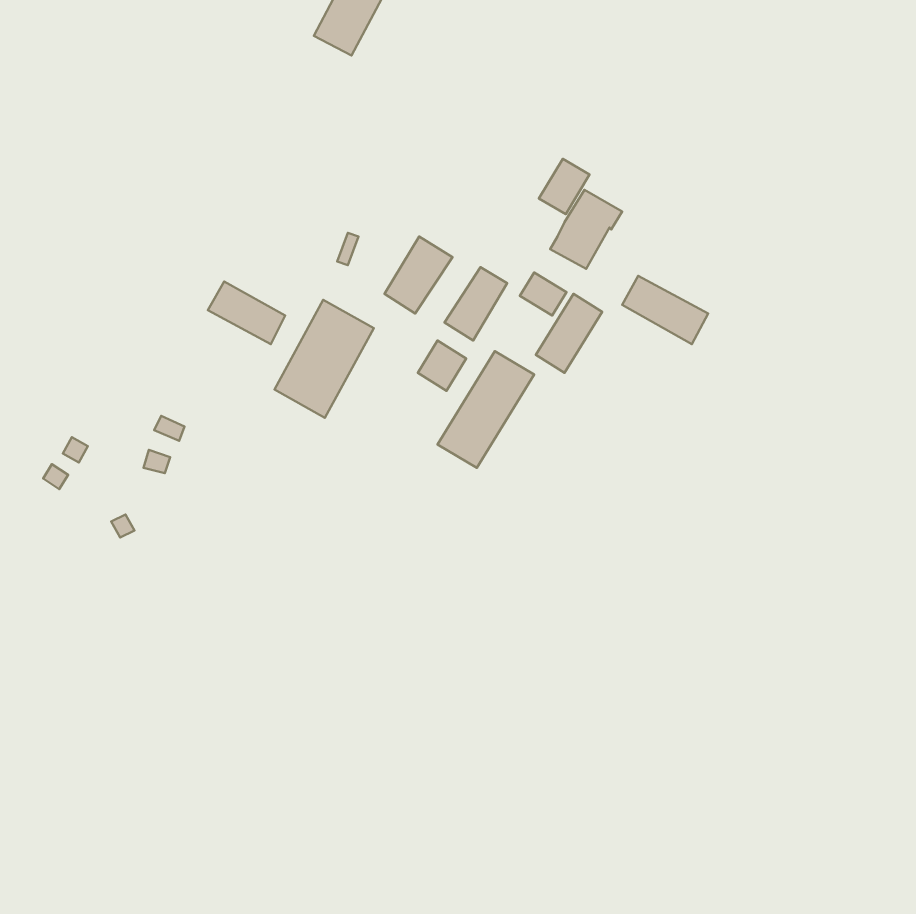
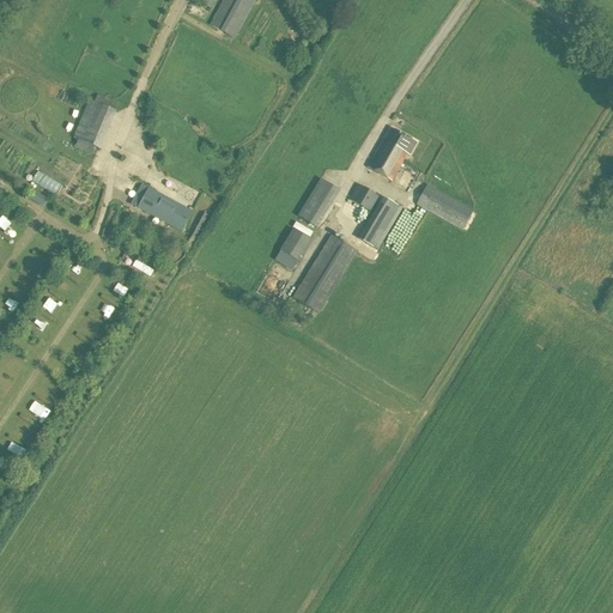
building: none -> [72,93,117,148]
building: [539,159,590,214] -> none
building: [385,236,453,314] -> none
building: [274,300,374,418] -> none

